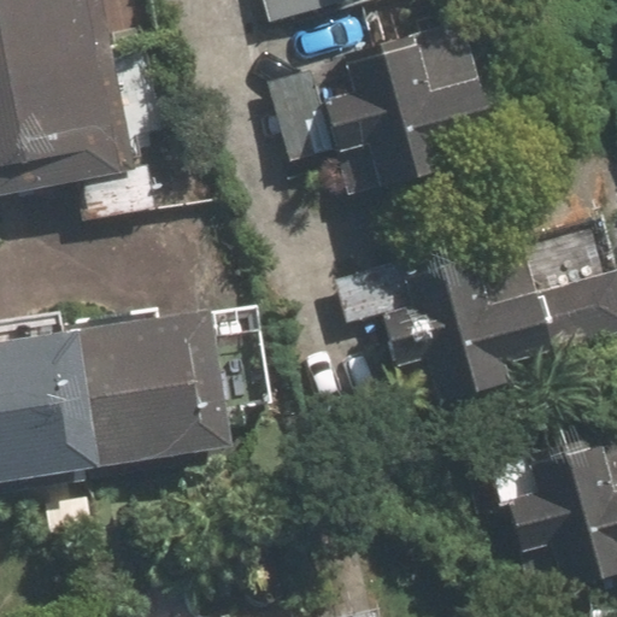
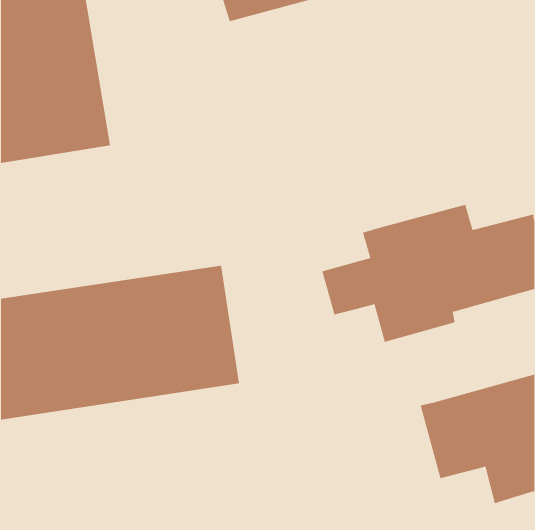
building: [268,20,492,193] -> none

